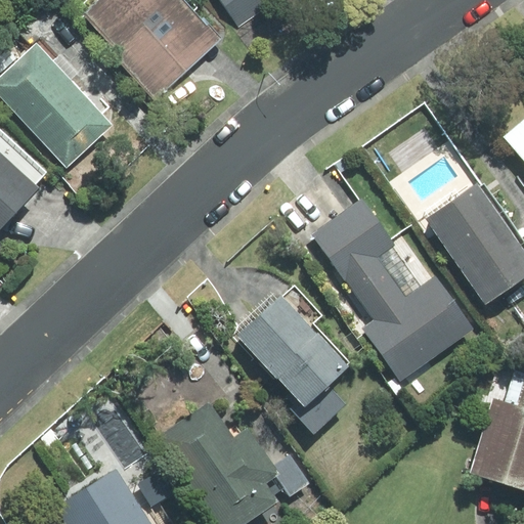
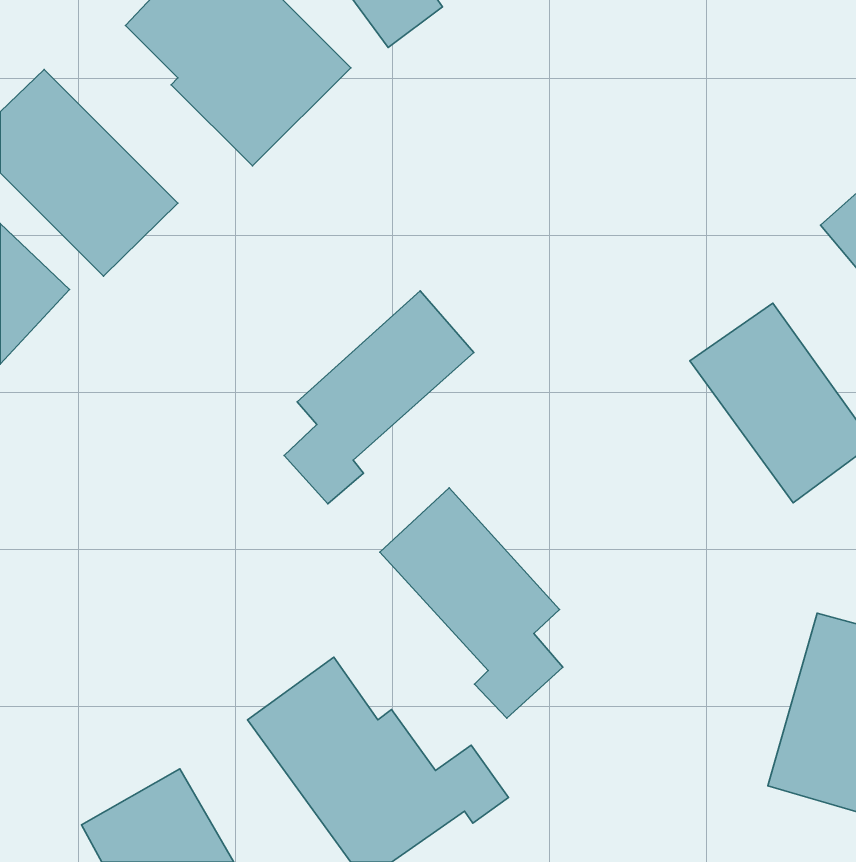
building: none -> [284,291,474,504]
building: [316,202,474,380] -> none

